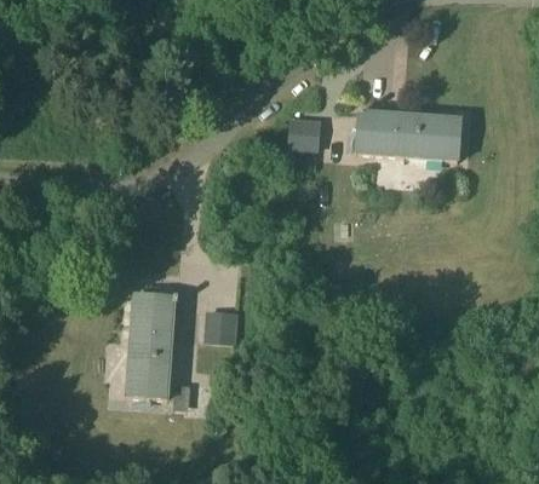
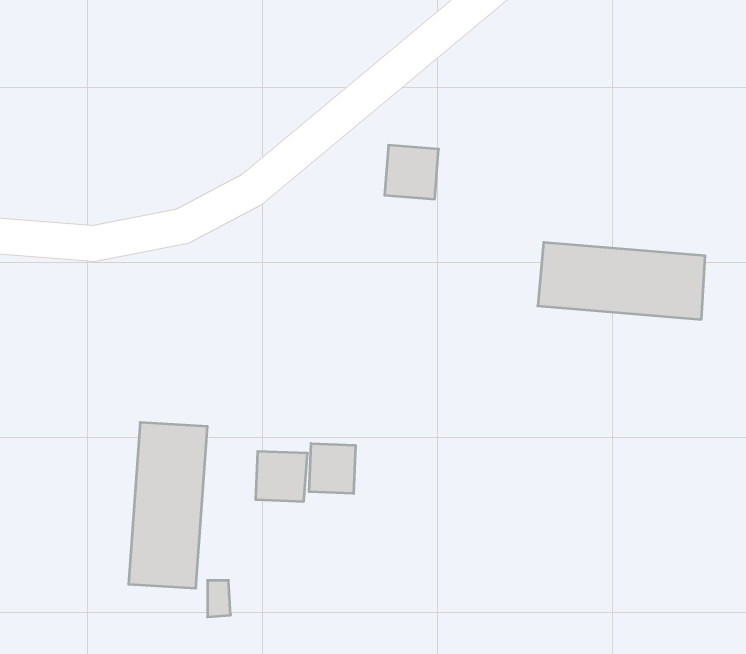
building: [355,110,460,159] -> [538,242,705,319]
building: none -> [309,443,355,494]

